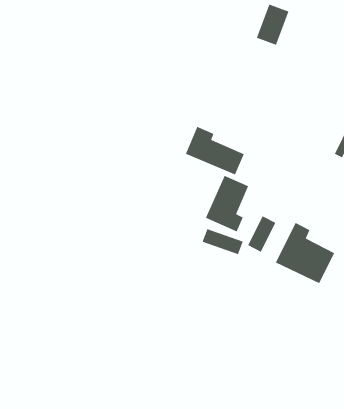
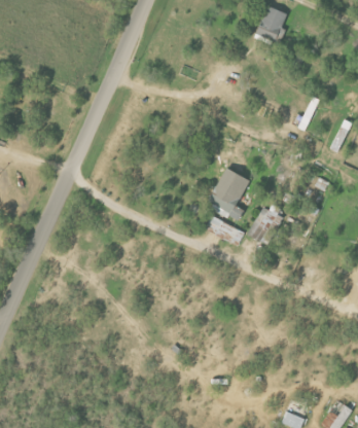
building: [185,126,245,175] -> none
building: [275,222,335,284] -> none

